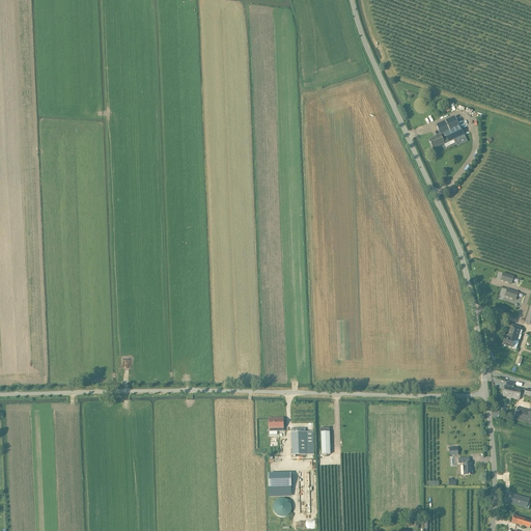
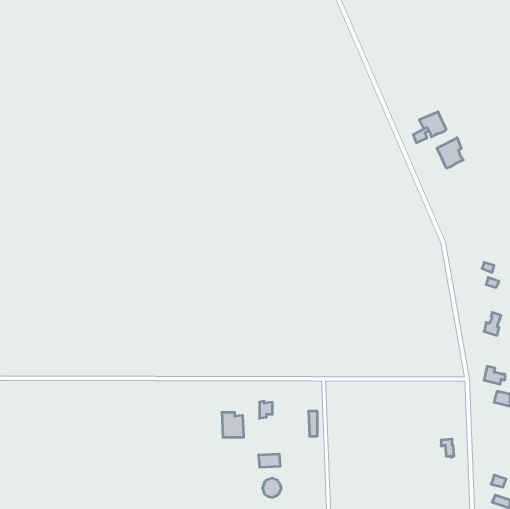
building: none -> [437,138,463,168]
building: [291,428,314,454] -> [222,412,244,437]

